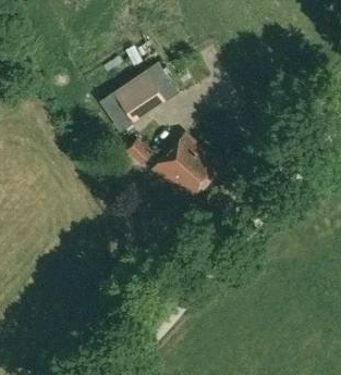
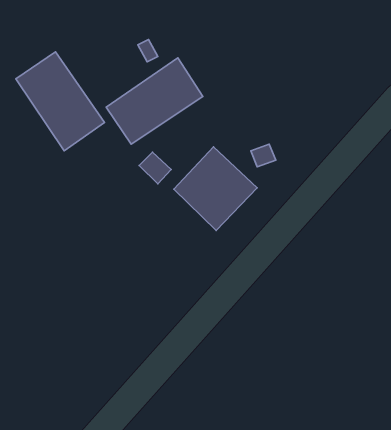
building: none -> [16,52,104,151]

